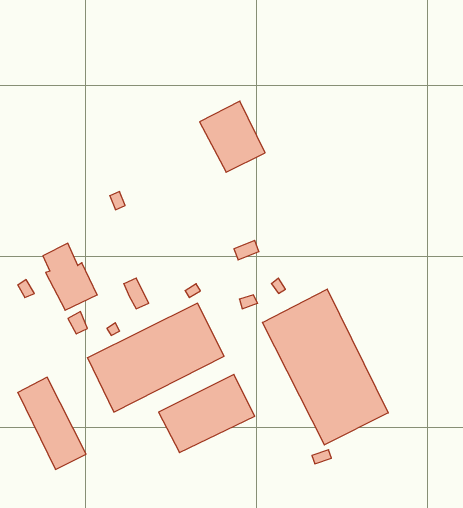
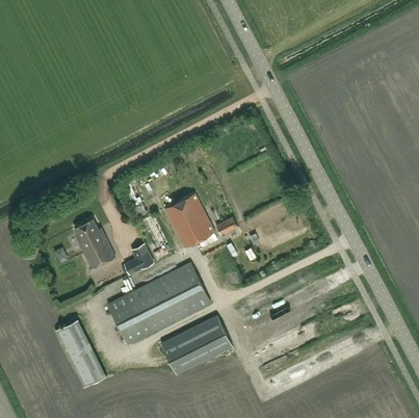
building: [200,101,265,172] -> [164,193,213,246]
building: [262,289,388,445] -> none

